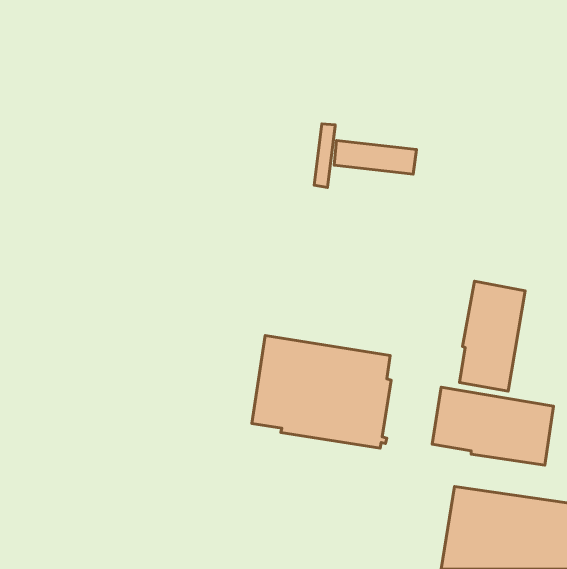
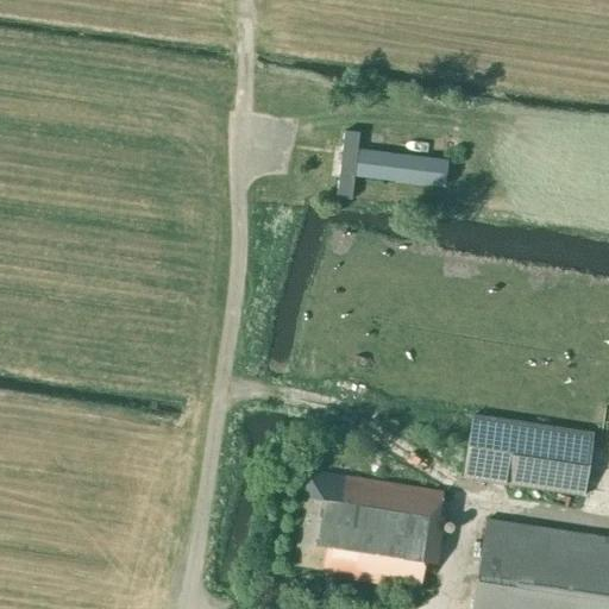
building: [459,281,525,391] -> none
building: [252,335,391,448] -> [296,470,445,590]

